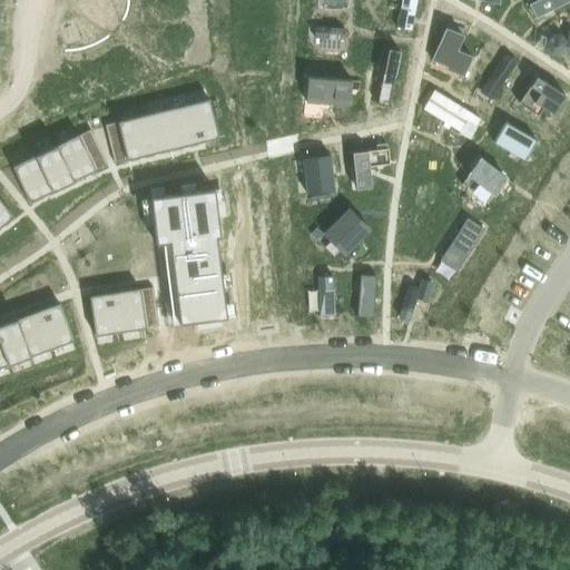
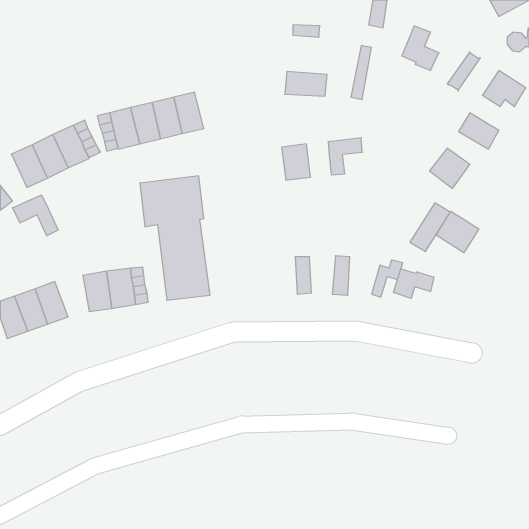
building: [423,90,481,131] -> none
building: [324,209,368,254] -> none
building: none -> [12,195,58,236]
building: none -> [436,211,479,253]
building: none -> [394,269,434,298]

